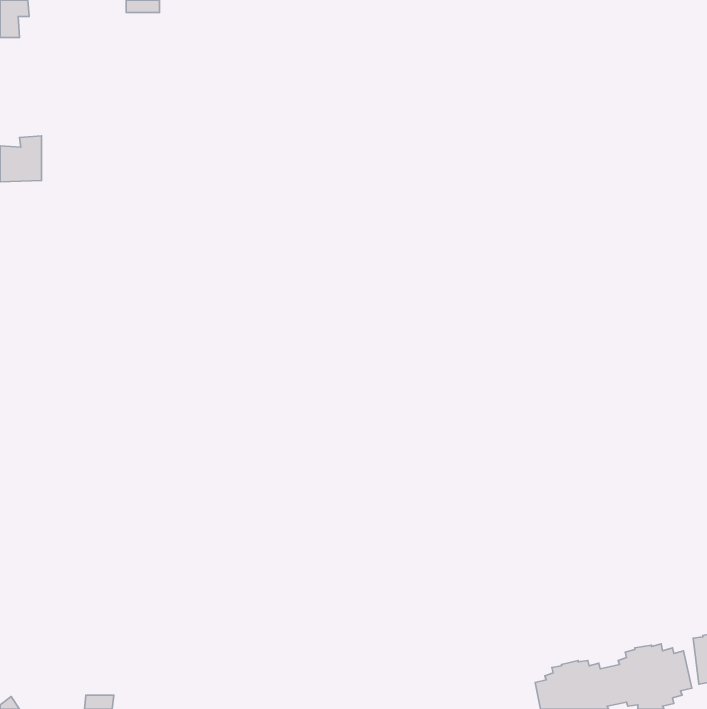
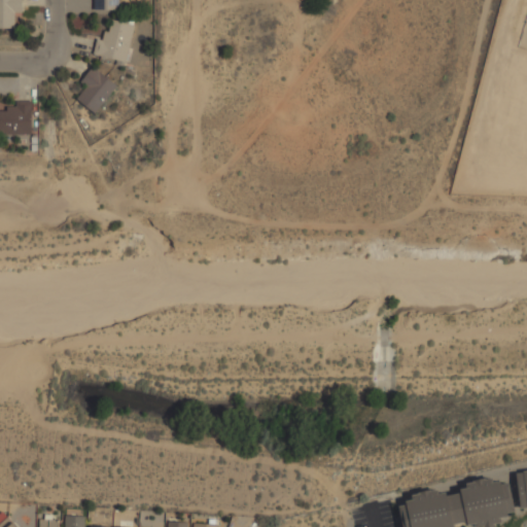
building: none -> [94,20,134,61]
building: none -> [76,67,117,113]

